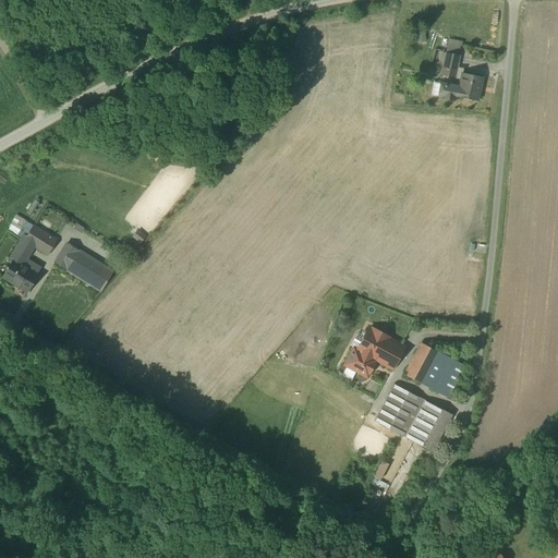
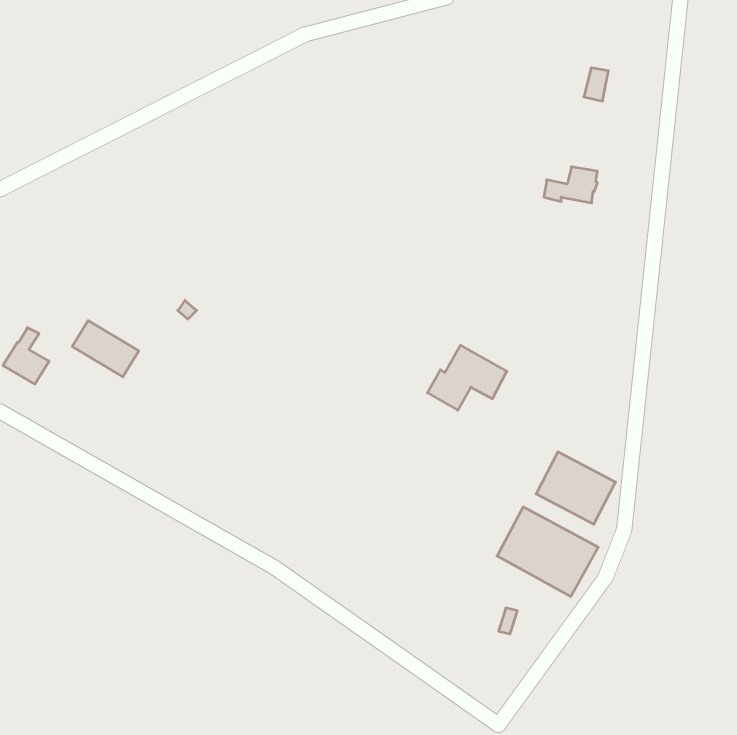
building: [442,72,483,99] -> [544,167,597,203]
building: [20,223,58,253] -> none
building: [345,327,405,376] -> [427,345,507,410]

